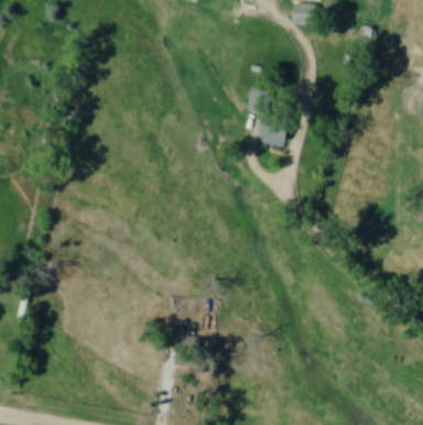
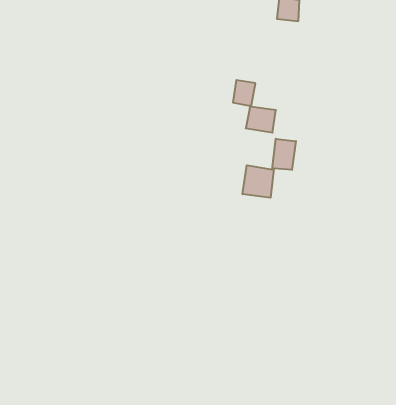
building: none -> [243,139,296,198]

